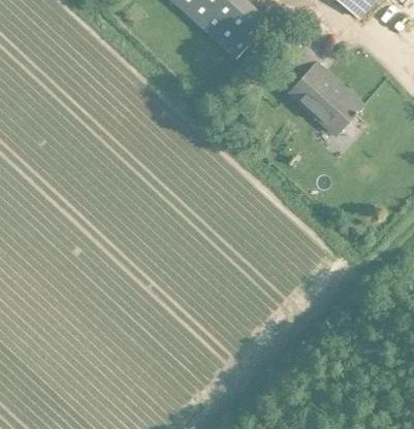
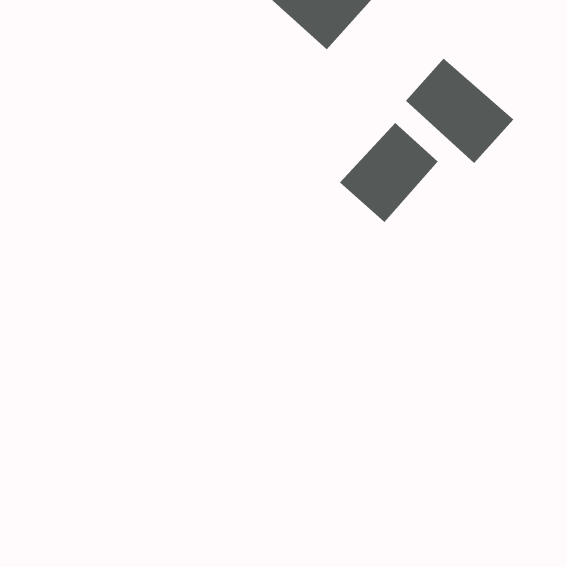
building: none -> [339,122,438,223]

